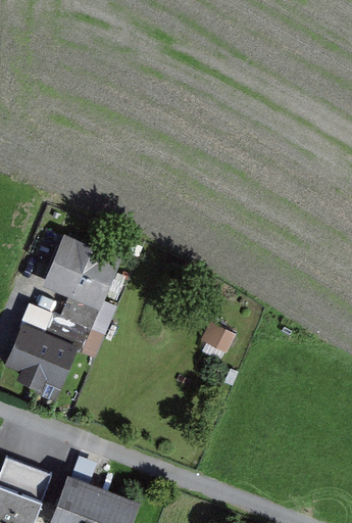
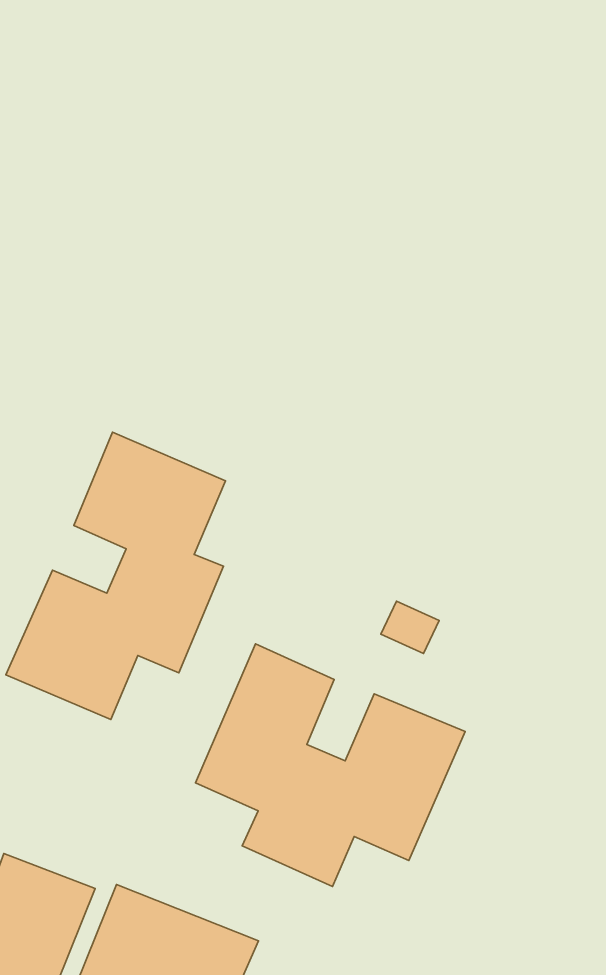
building: none -> [195,644,465,887]

